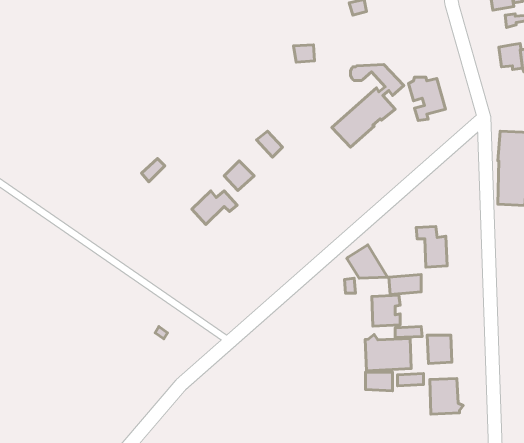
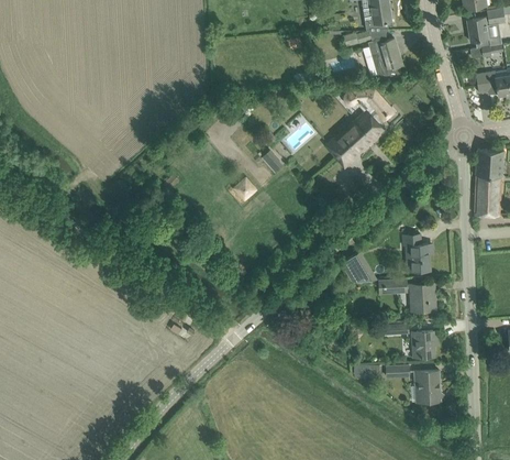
building: [408,77,446,120] -> [369,37,402,76]
building: [192,191,237,224] -> none
building: [372,295,400,326] -> [410,283,435,310]
building: [365,335,411,371] -> none

